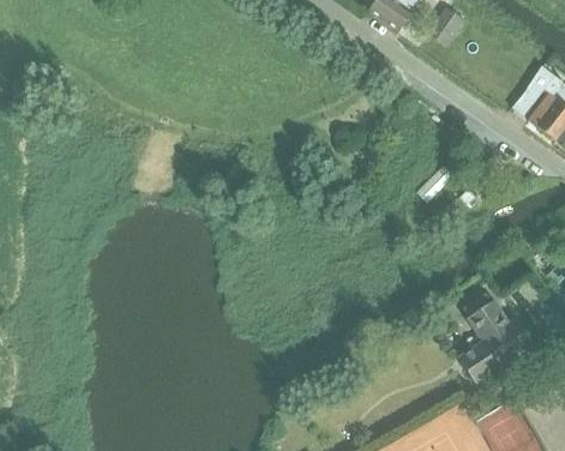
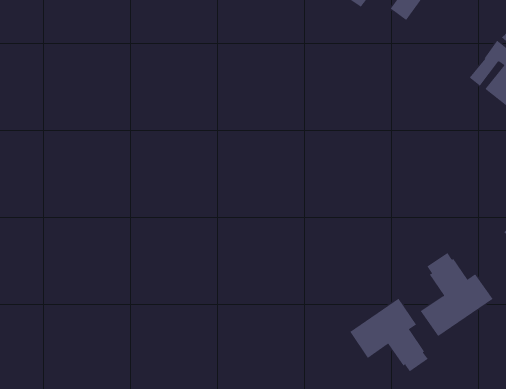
building: none -> [350,298,428,372]

